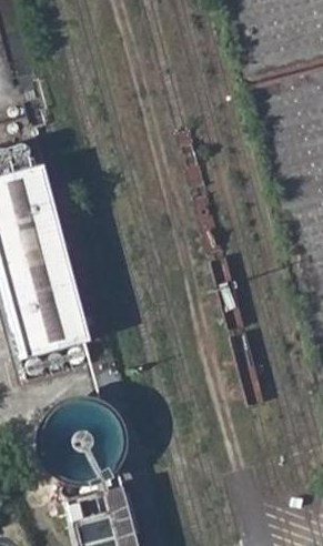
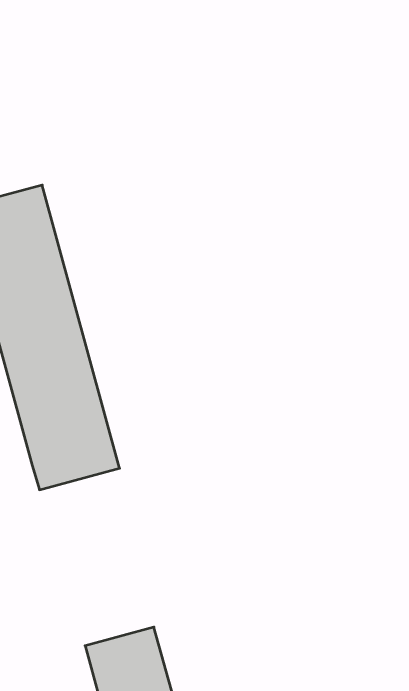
building: [43,401,121,477] -> none

